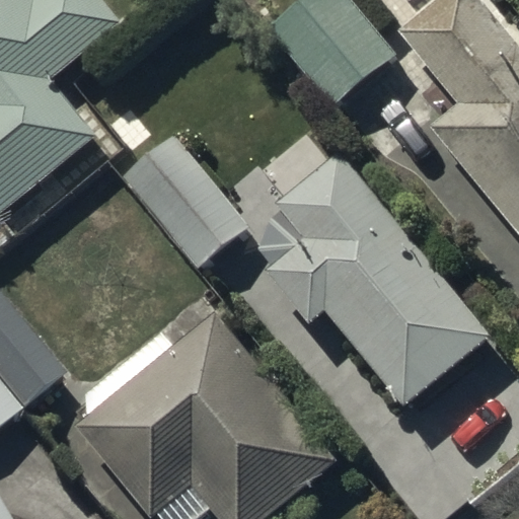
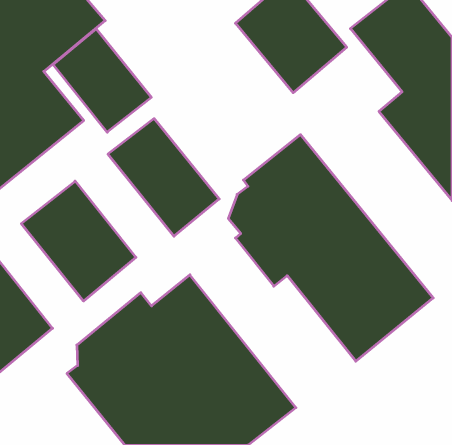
building: none -> [53,29,151,132]
building: none -> [21,181,136,301]

